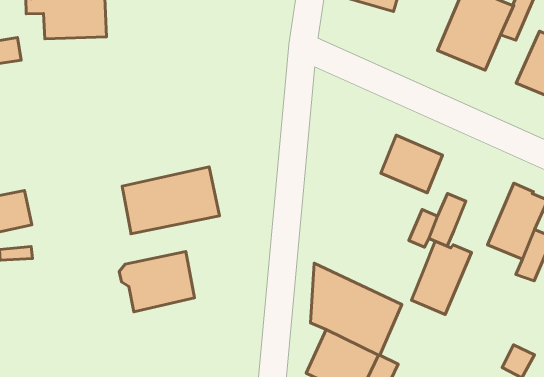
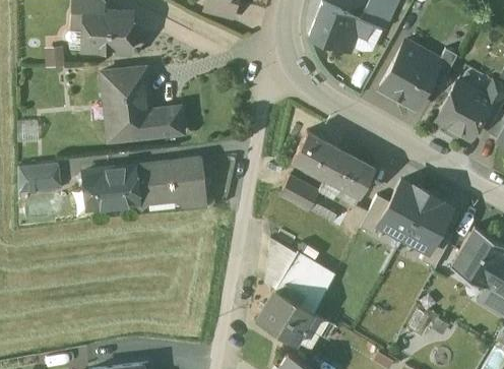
building: none -> [102,68,183,140]
building: none -> [292,130,342,179]
building: none -> [282,179,319,209]
building: [411,241,471,314] -> [379,182,428,238]
building: [119,251,194,312] -> [80,167,135,208]

